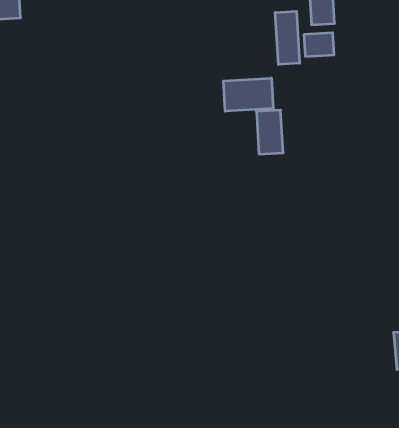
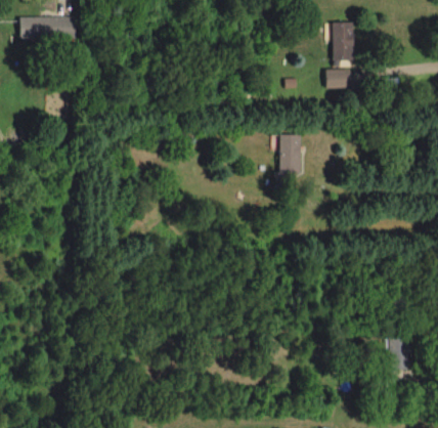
building: [275,11,300,65] -> none
building: [224,78,273,111] -> none

